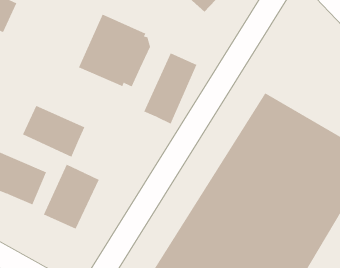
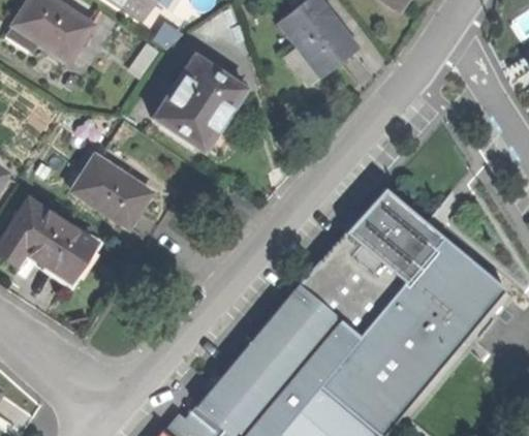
building: [144,53,197,124] -> none
building: [43,164,100,230] -> none

